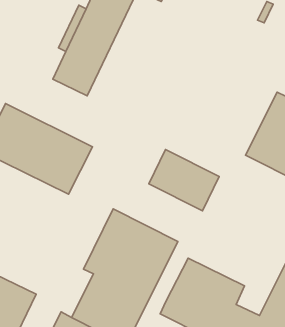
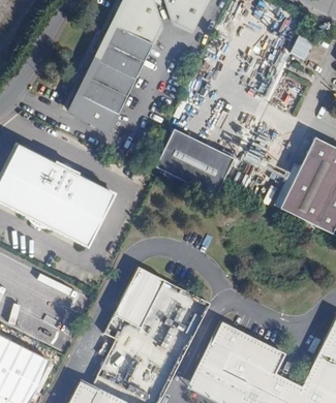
building: [149,150,219,211] -> [158,126,237,194]

